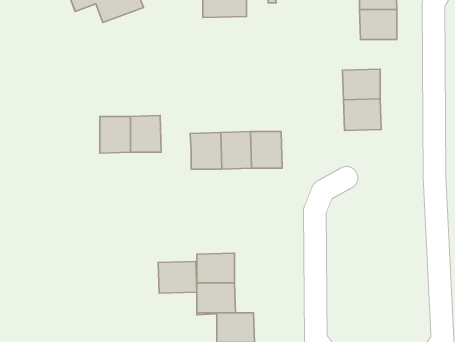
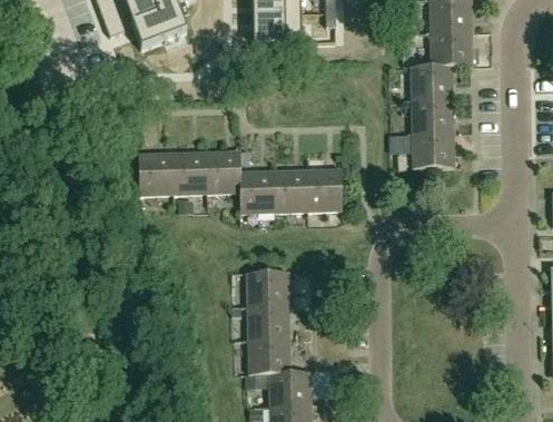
building: none -> [409,66,453,100]
building: none -> [206,151,240,193]
building: [158,262,197,293] -> [246,272,289,307]

